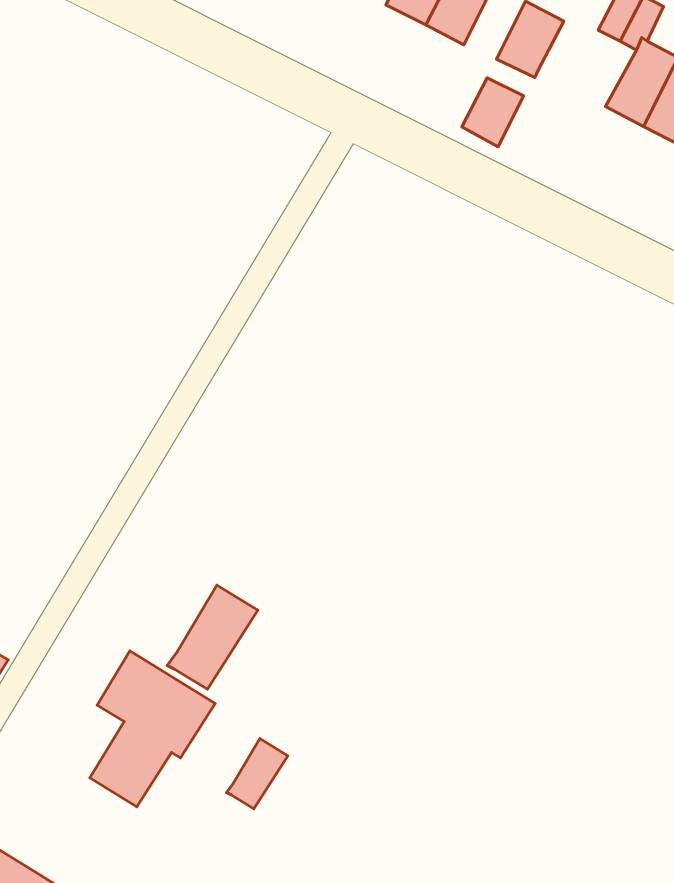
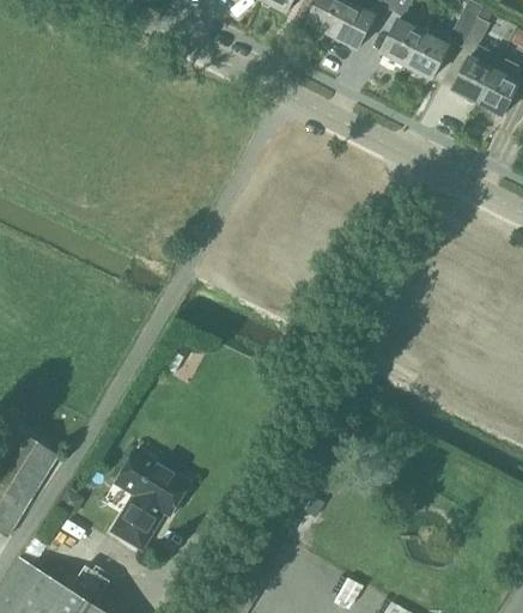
building: [462,78,524,147] -> [407,32,448,78]
building: [167,585,258,689] -> none
building: [226,738,288,809] -> none

